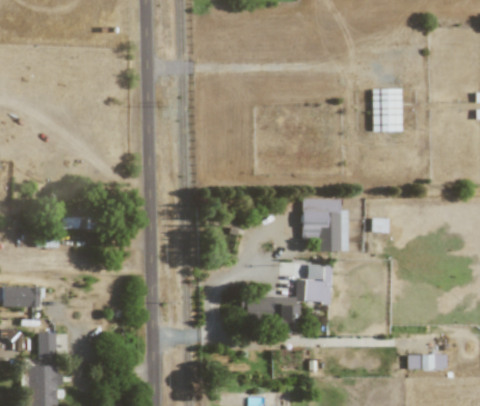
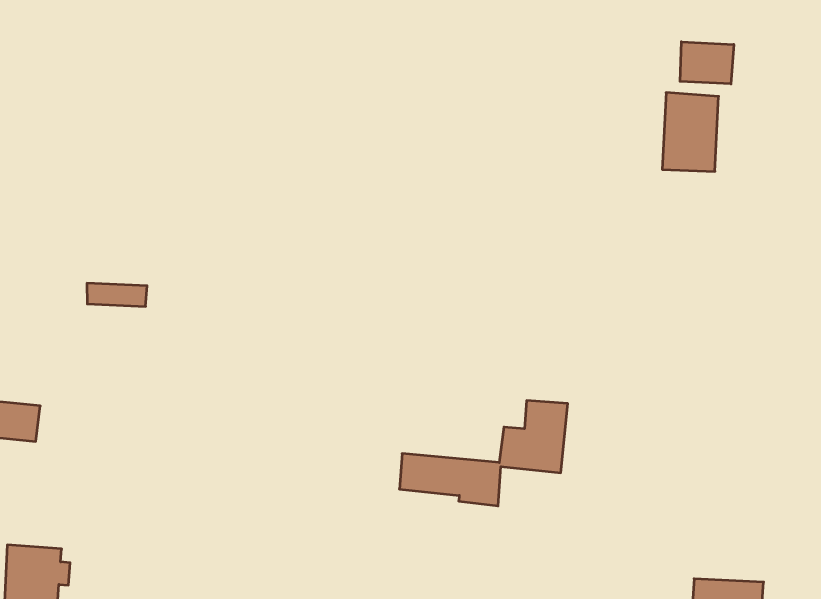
building: none -> [680,42,734,84]
building: [302,198,349,250] -> none
building: [39,332,58,358] -> none

